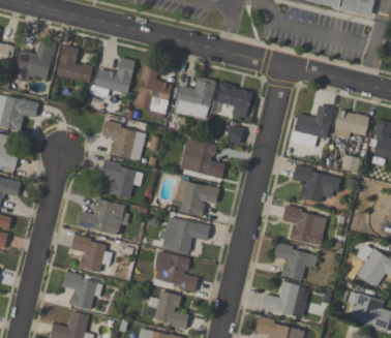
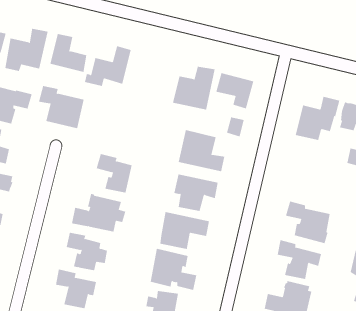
building: [134,64,171,113] -> none
building: [101,121,146,162] -> [38,86,84,129]
building: [293,165,340,204] -> none

